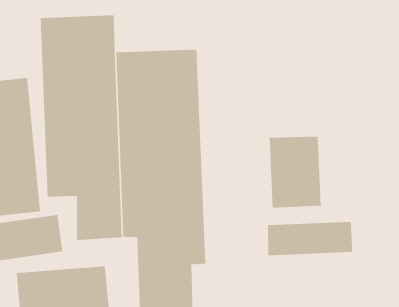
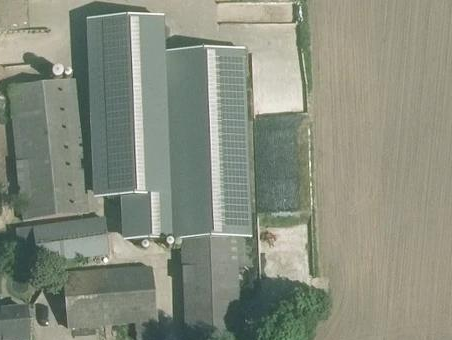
building: [269,136,321,208] -> none
building: [267,221,353,256] -> none

